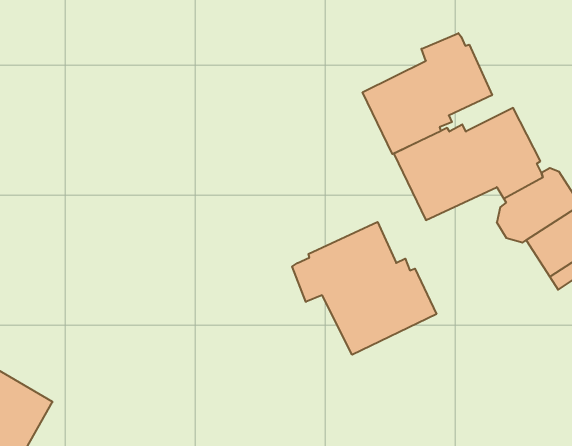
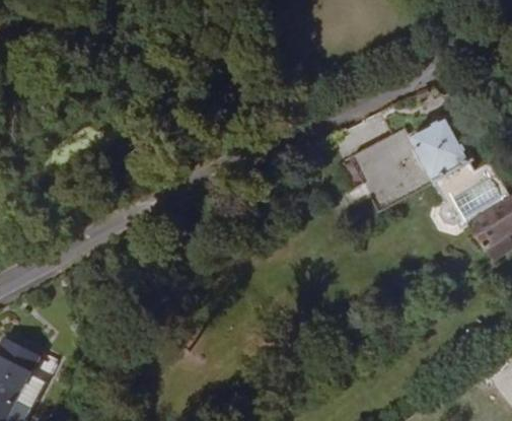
building: [363,33,492,154] -> none
building: [292,222,436,355] -> none

